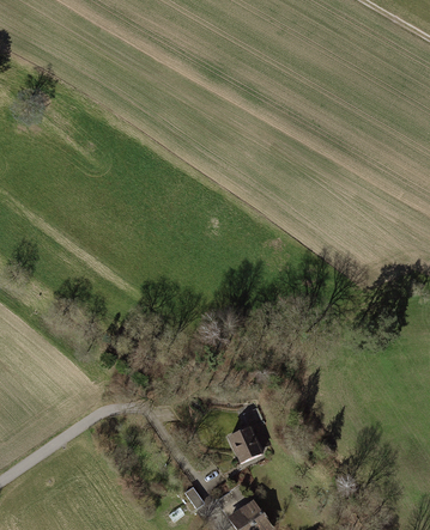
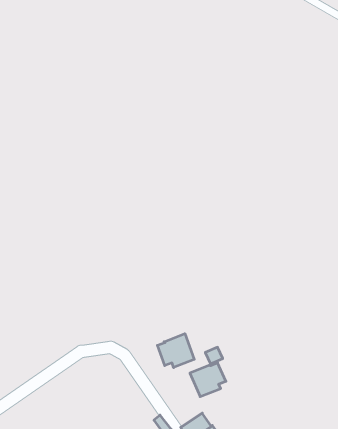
building: none -> [157,334,194,368]

